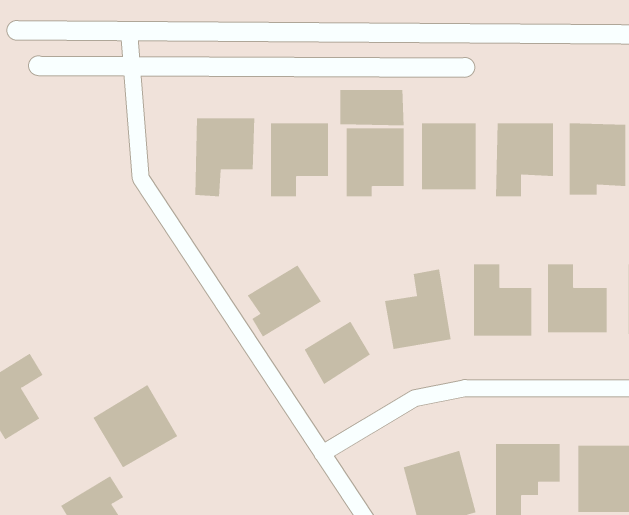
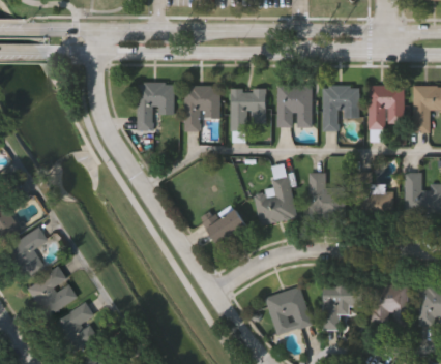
building: [340,89,404,126] -> none
building: [247,264,322,338] -> none
building: [92,384,178,468] -> [25,266,78,317]

